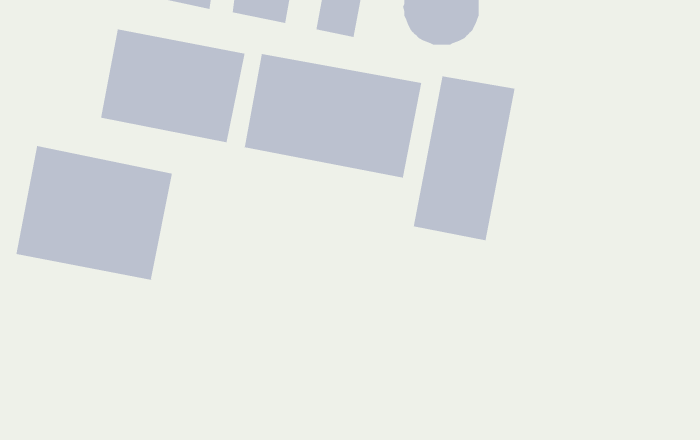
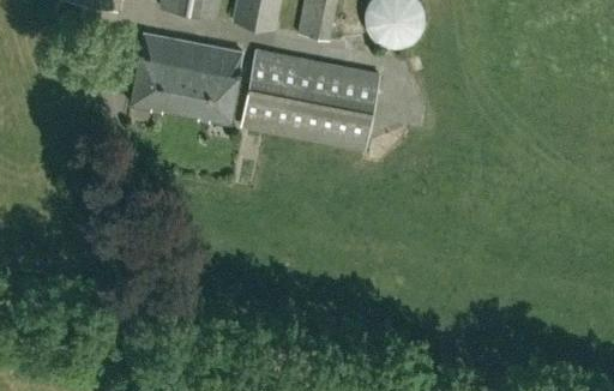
building: [413,76,516,241] -> none
building: [15,145,173,281] -> none

